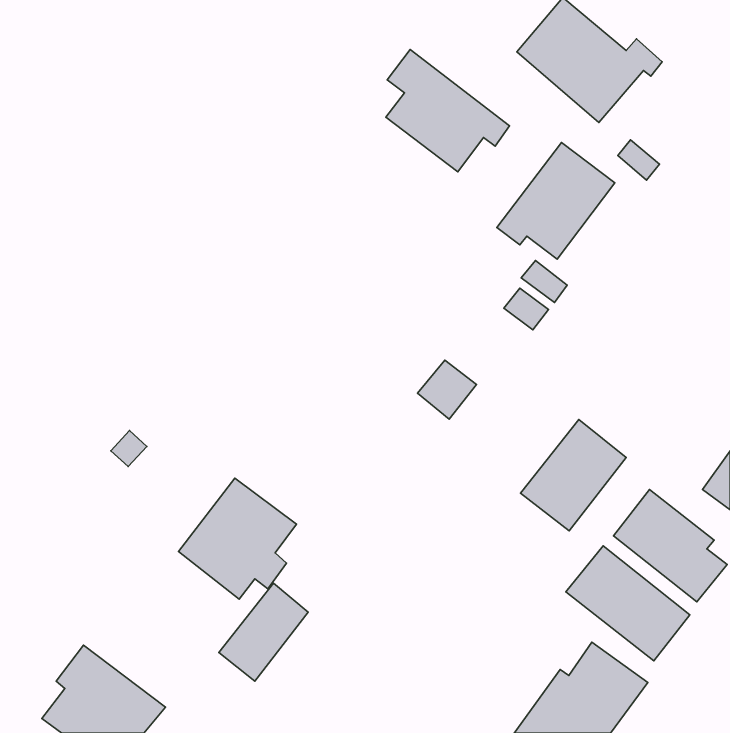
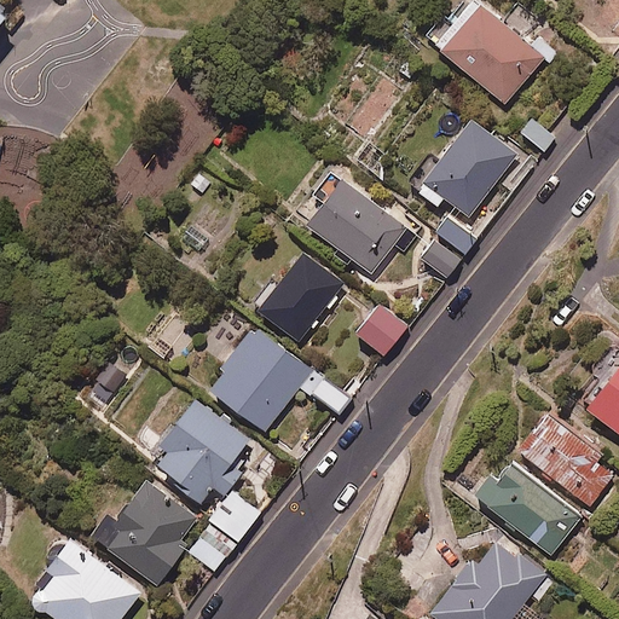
building: [386,50,510,172] -> [310,169,413,272]
building: none -> [258,251,342,340]
building: none -> [207,328,351,432]
building: [520,420,626,531] -> none
building: none -> [93,481,196,585]

